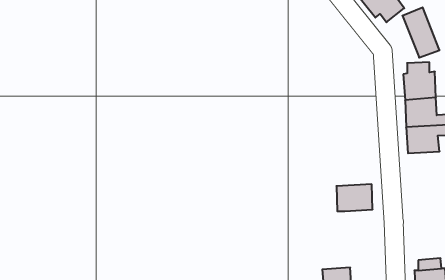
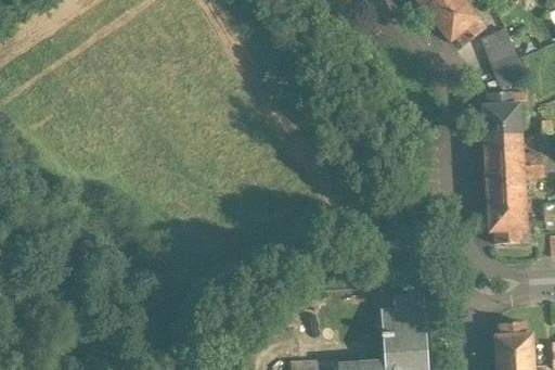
building: none -> [489,197,527,243]
building: [336,184,373,211] -> [379,304,422,335]

